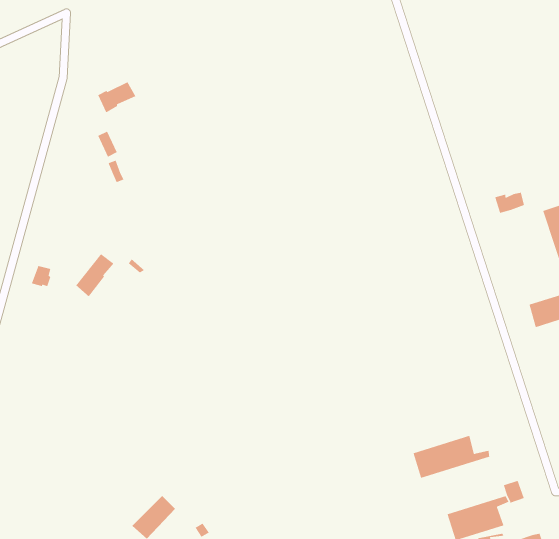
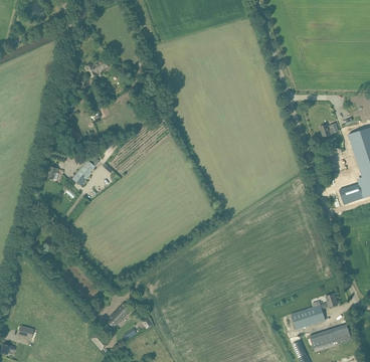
building: [412,435,490,479] -> none

